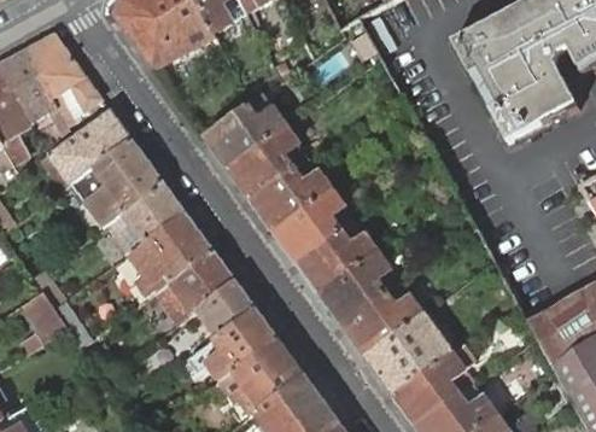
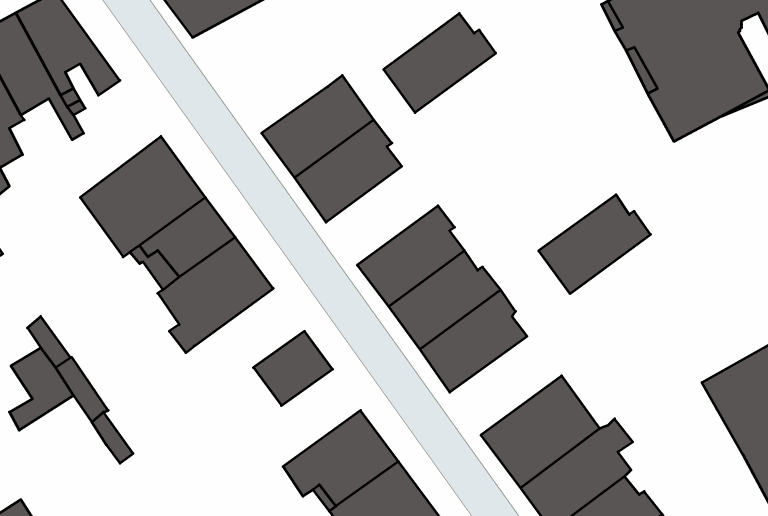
building: [42,110,130,183] -> none
building: [251,160,333,233] -> [384,13,496,113]
building: [154,250,235,322] -> none
building: [341,285,423,357] -> [539,195,651,294]
building: [206,309,276,380] -> none

